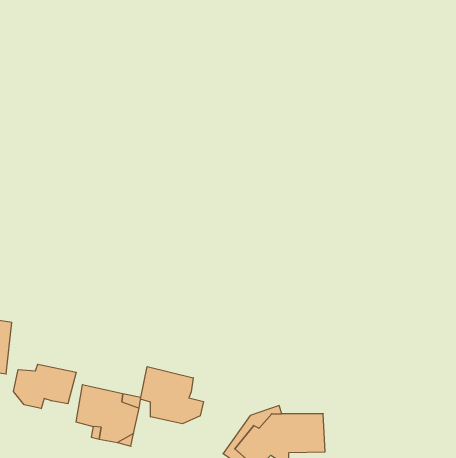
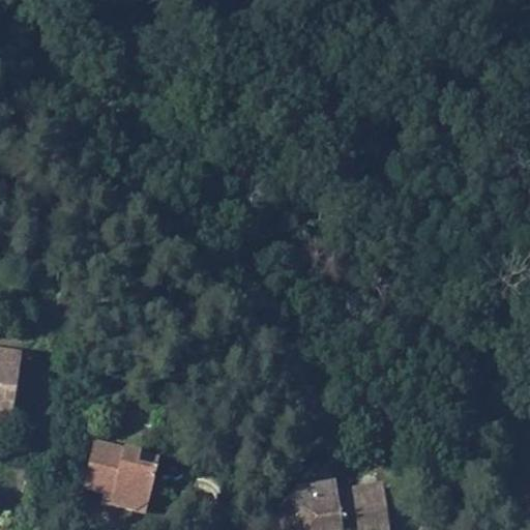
building: [13,364,76,409] -> none
building: [141,367,203,424] -> none

